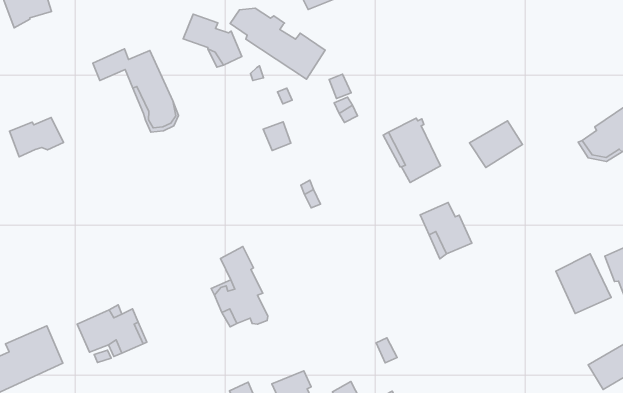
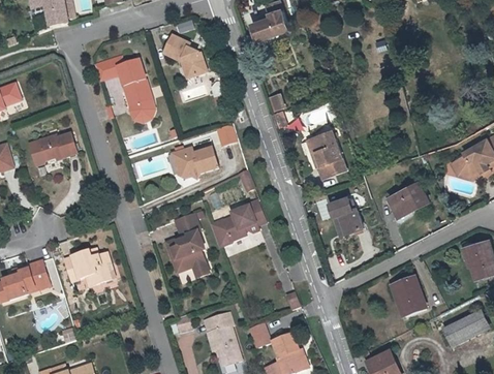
building: [230,8,325,79] -> none
building: [10,117,63,157] -> [36,132,75,159]
building: [470,121,523,168] -> [390,182,429,215]
building: none -> [172,147,218,178]
building: none -> [209,199,267,247]
building: [556,254,611,314] -> [388,275,427,318]

